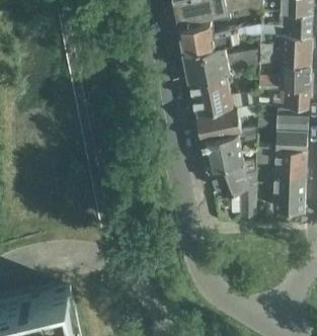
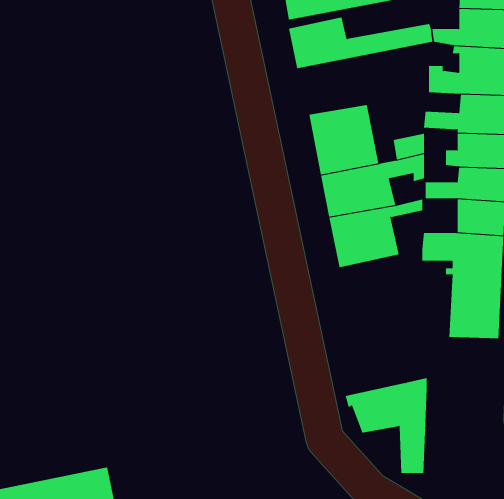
building: [184,46,261,77] -> none
building: [208,158,257,216] -> [345,377,428,474]

